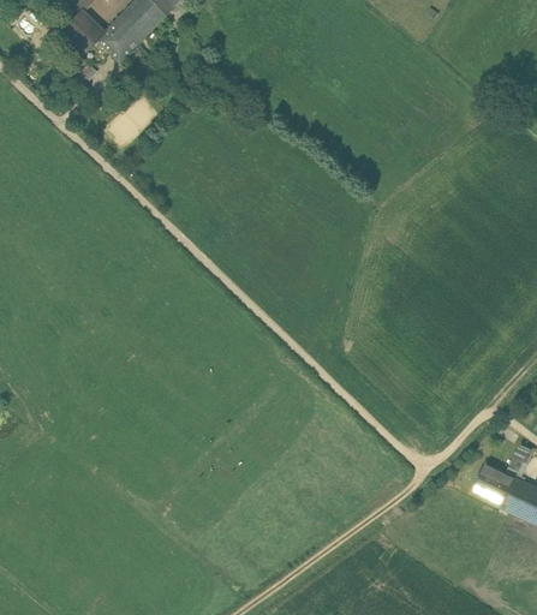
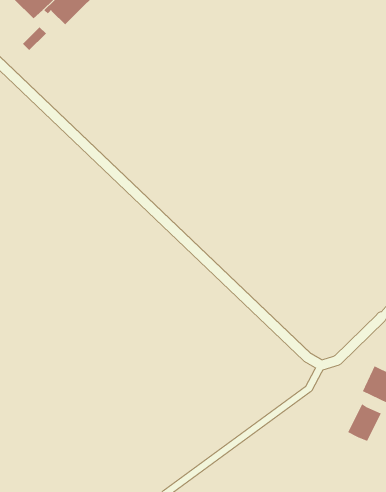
building: none -> [347,403,382,442]

